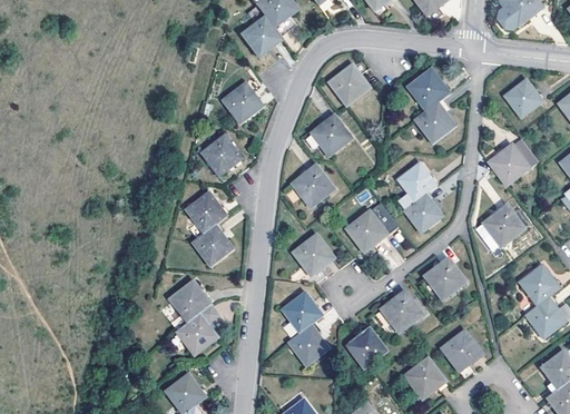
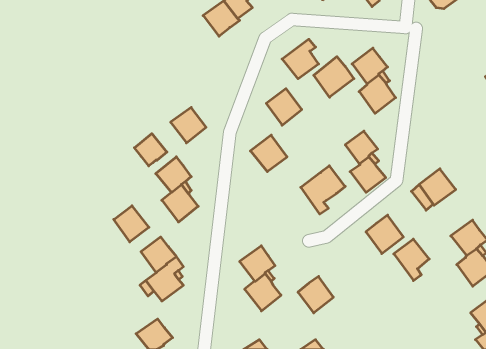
building: [223,77,263,122] -> none
building: [504,78,542,117] -> none
building: none -> [314,57,354,97]
building: [482,137,537,184] -> none
building: none -> [134,134,167,166]
building: [293,233,334,280] -> none
building: none -> [114,206,149,242]
building: [381,290,422,332] -> none
building: [441,331,481,377] -> [394,239,429,281]
building: [404,357,445,397] -> none

